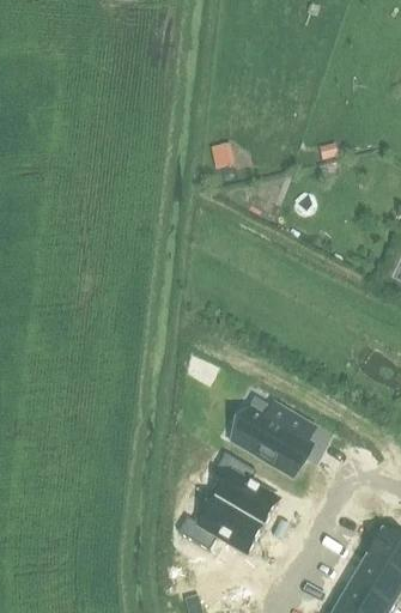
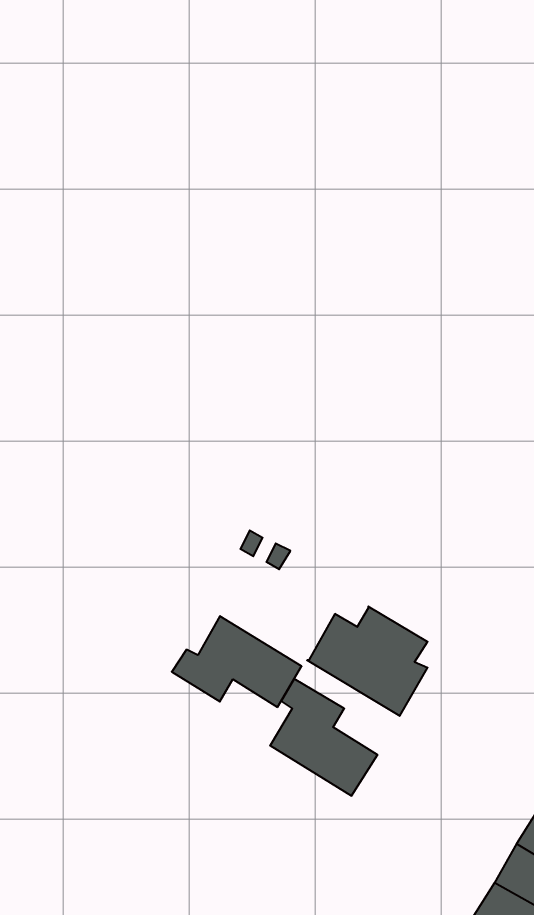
building: [177,494,261,553] -> [172,616,302,707]

